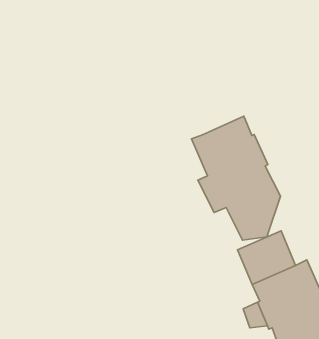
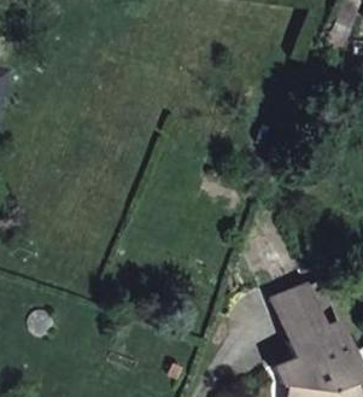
building: [191,116,280,240] -> none

